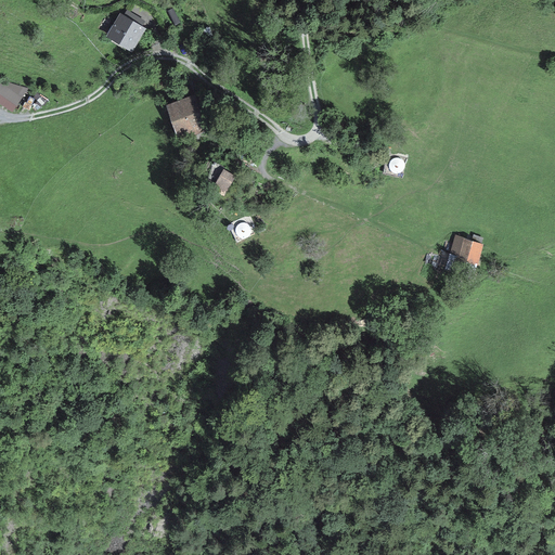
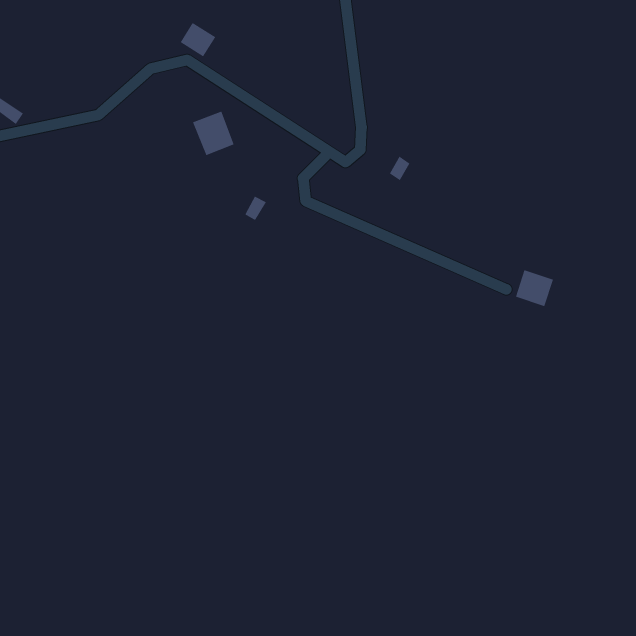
building: [109,18,141,49] -> [180,22,216,57]

